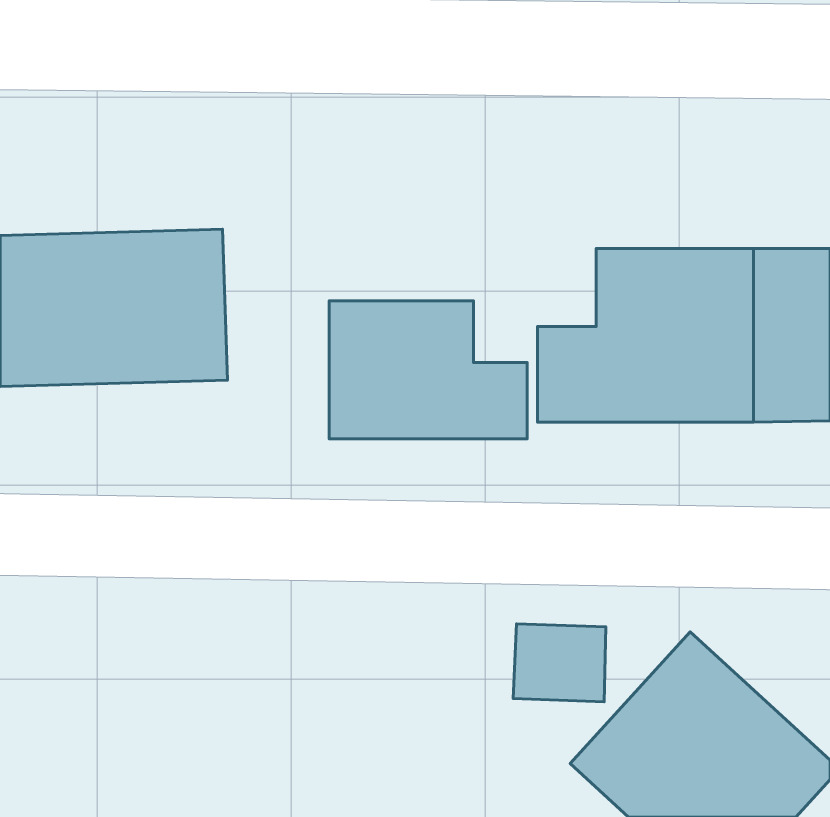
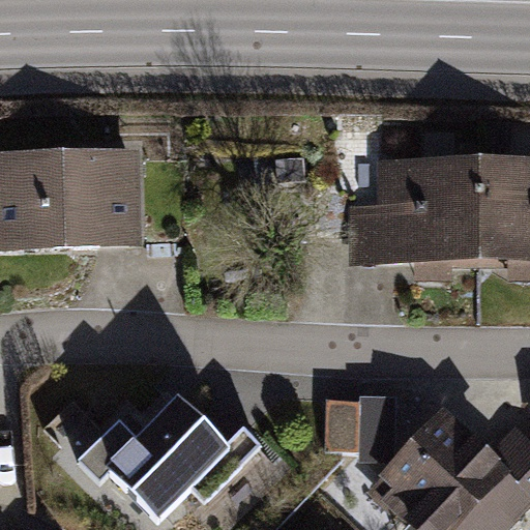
building: [329,301,527,439] -> none
building: none -> [101,388,230,517]

